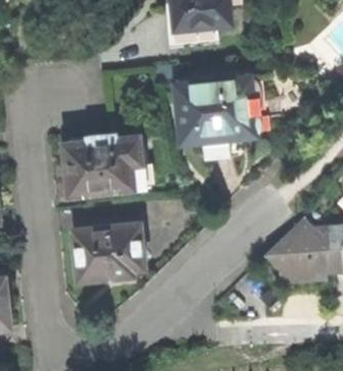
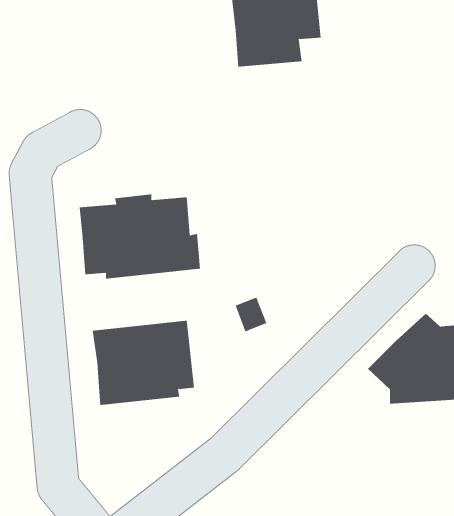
building: [177,77,270,153] -> none

